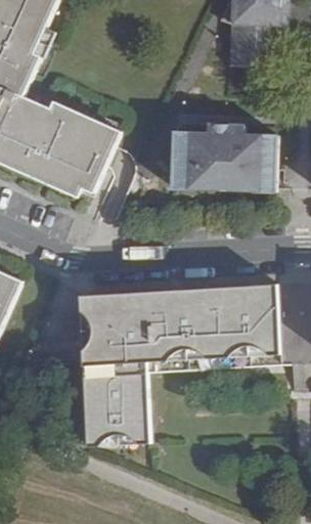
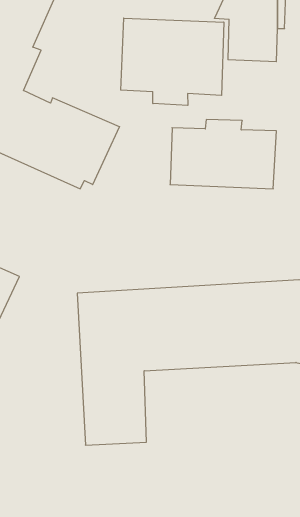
building: none -> [121,18,224,105]

